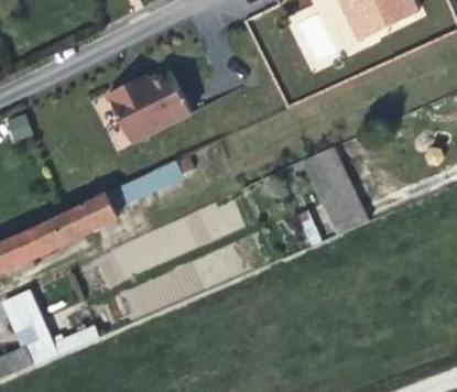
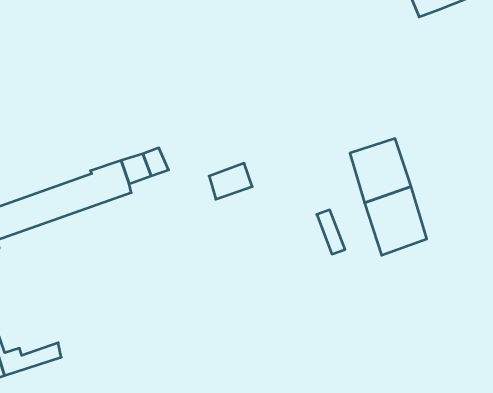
building: [105,86,188,148] -> none

